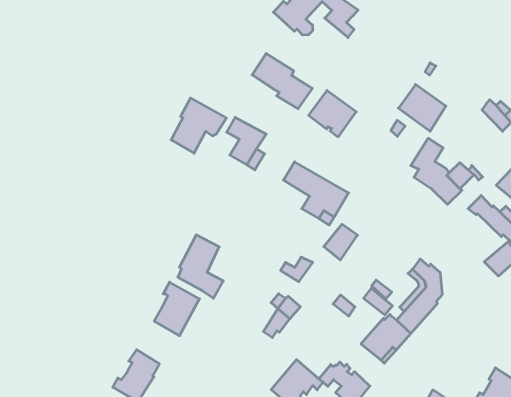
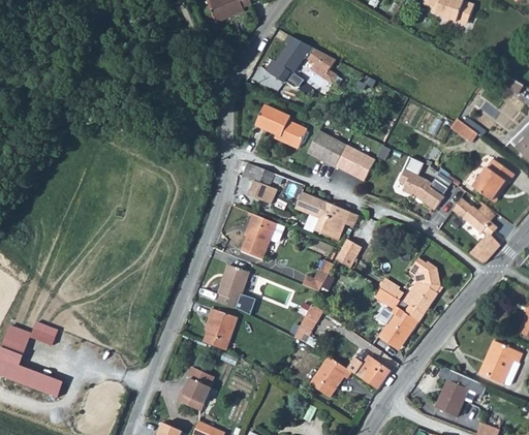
building: [398,84,446,131] -> [335,144,374,181]
building: [171,98,226,153] -> [241,214,284,259]

